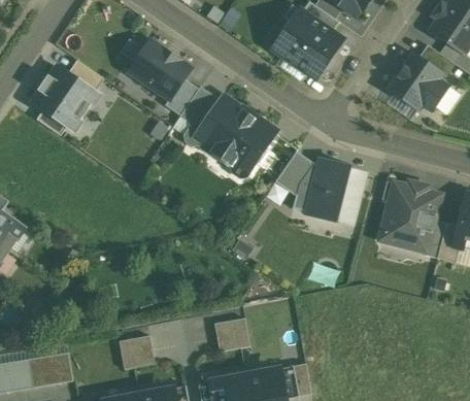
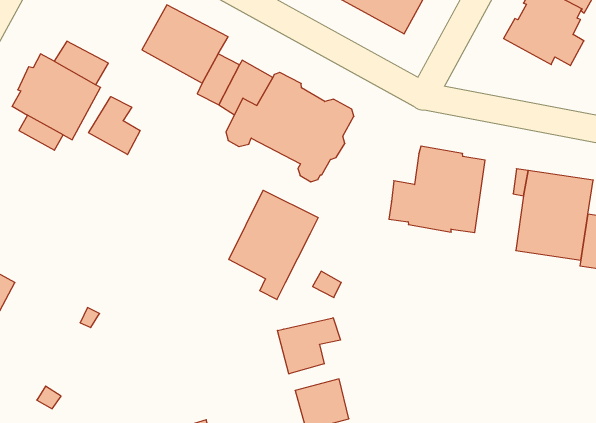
building: none -> [89,97,140,155]
building: [274,149,317,195] -> none
building: none -> [229,190,318,300]
building: none -> [277,318,340,374]

